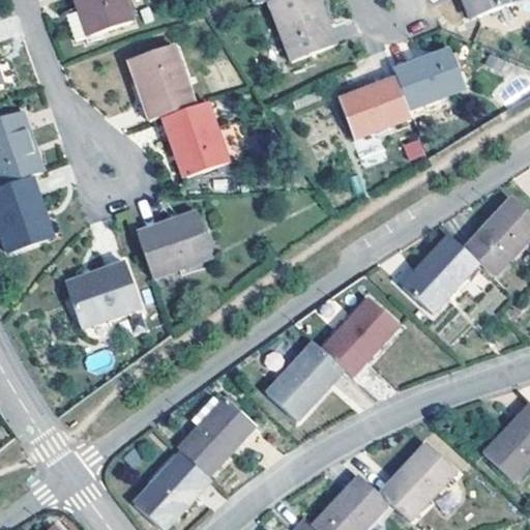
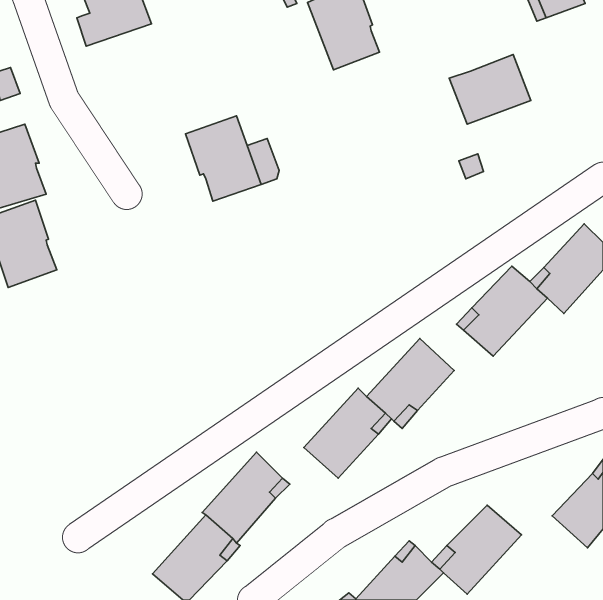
building: [131,45,195,120] -> none
building: [338,77,410,139] -> none
building: [137,214,212,276] -> none
building: [66,261,141,340] -> none

